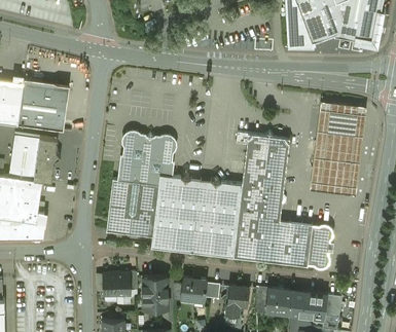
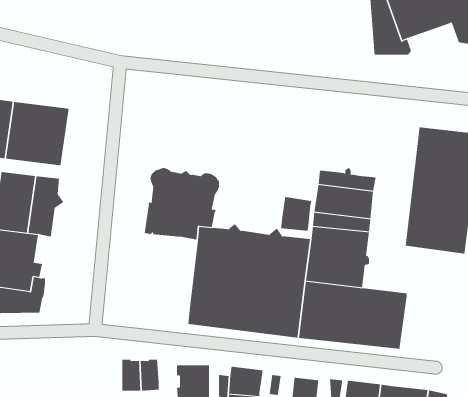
building: none -> [281,196,312,232]
building: [106,180,158,237] -> none
building: [308,226,332,268] -> none

